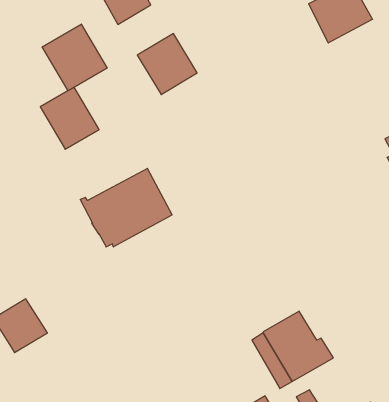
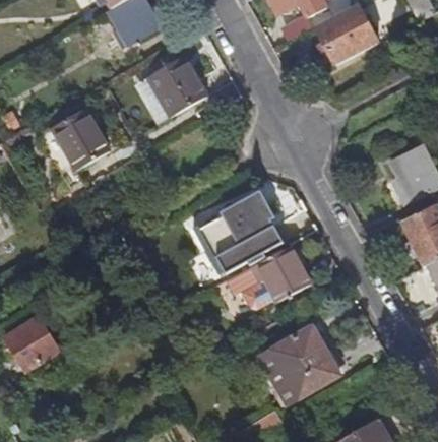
building: [42,24,107,91] -> none
building: [80,168,172,247] -> [191,196,281,273]
building: none -> [227,245,310,302]

